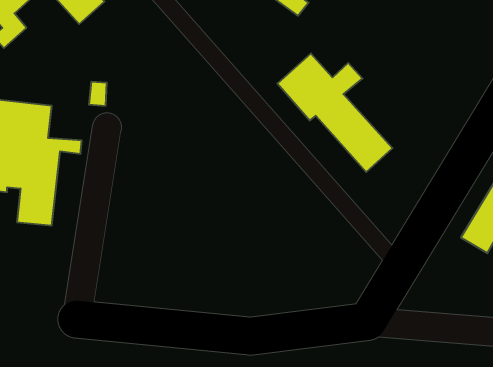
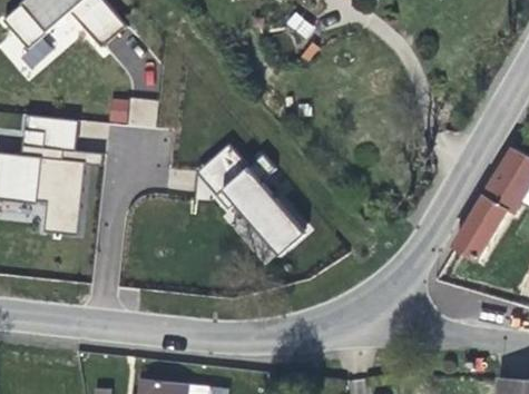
building: [277,53,393,172] -> [196,145,303,255]

